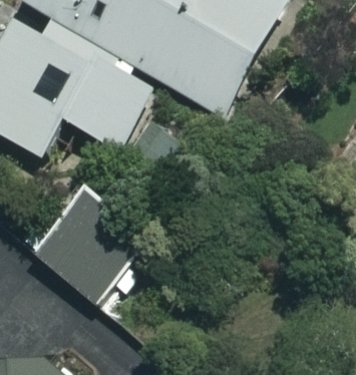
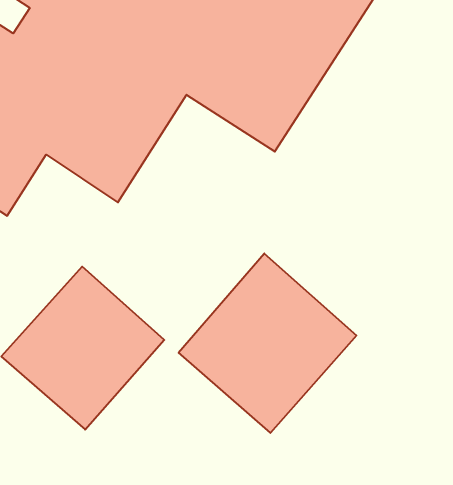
building: none -> [179,253,356,433]

